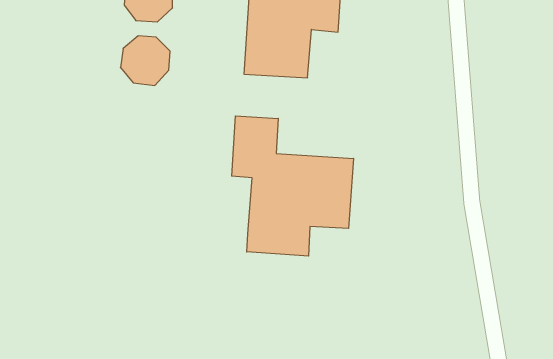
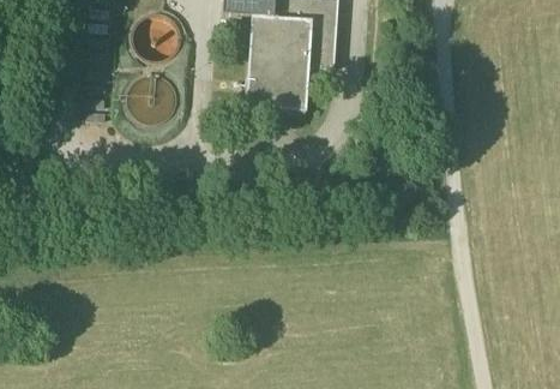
building: [232,116,353,256] -> none

